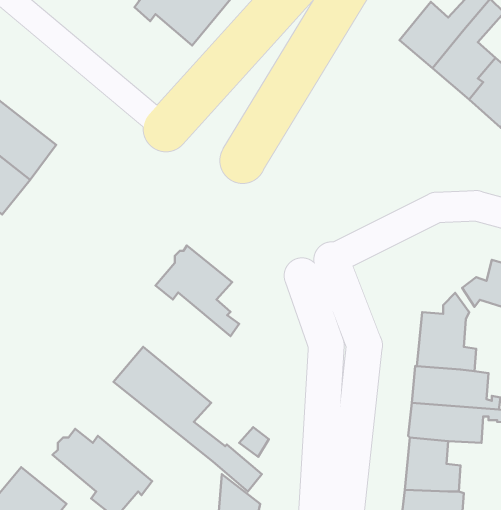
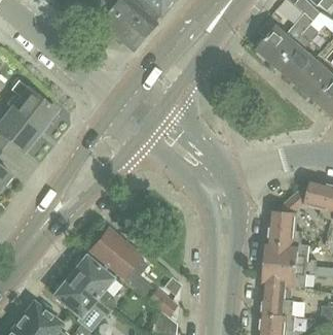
building: [156,245,239,336] -> [66,255,115,308]

